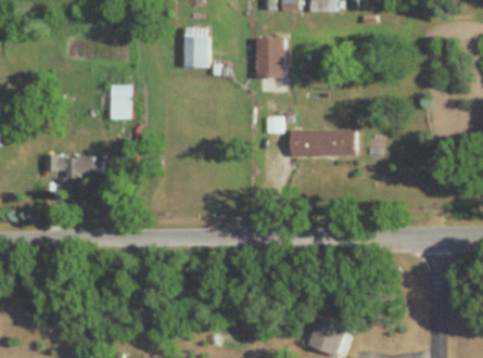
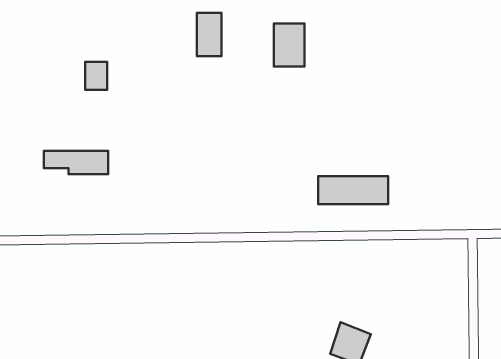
building: [110,93,130,119] -> [85,62,107,90]
building: [289,130,354,156] -> [318,176,388,204]

